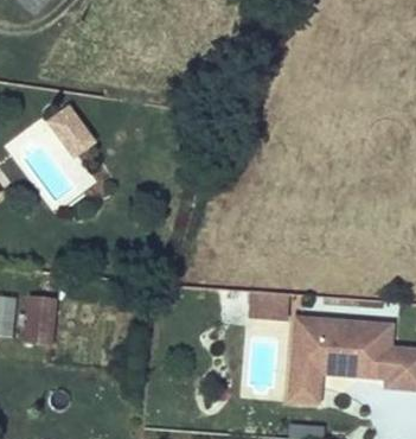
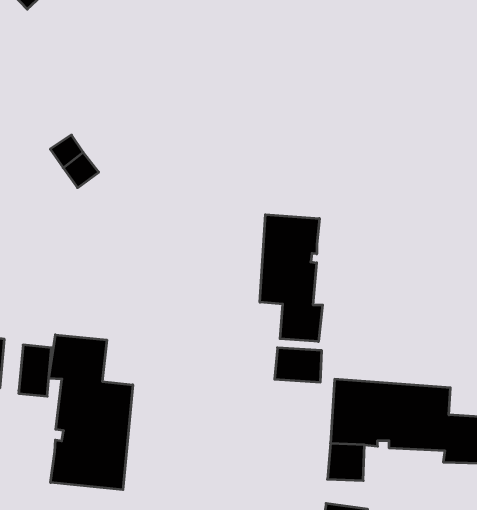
building: none -> [260,215,323,342]
building: none -> [49,335,133,490]

